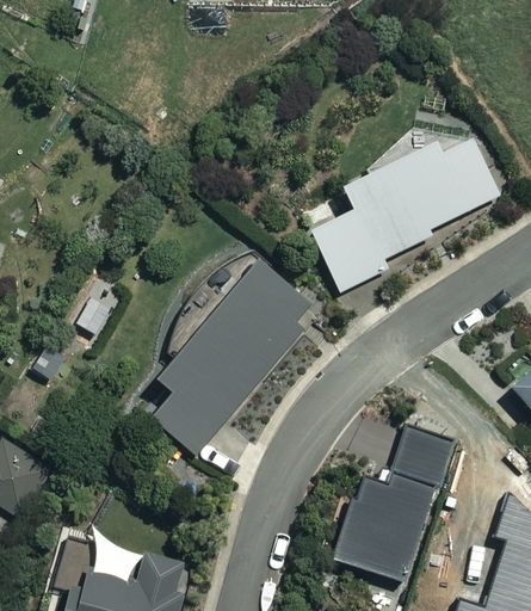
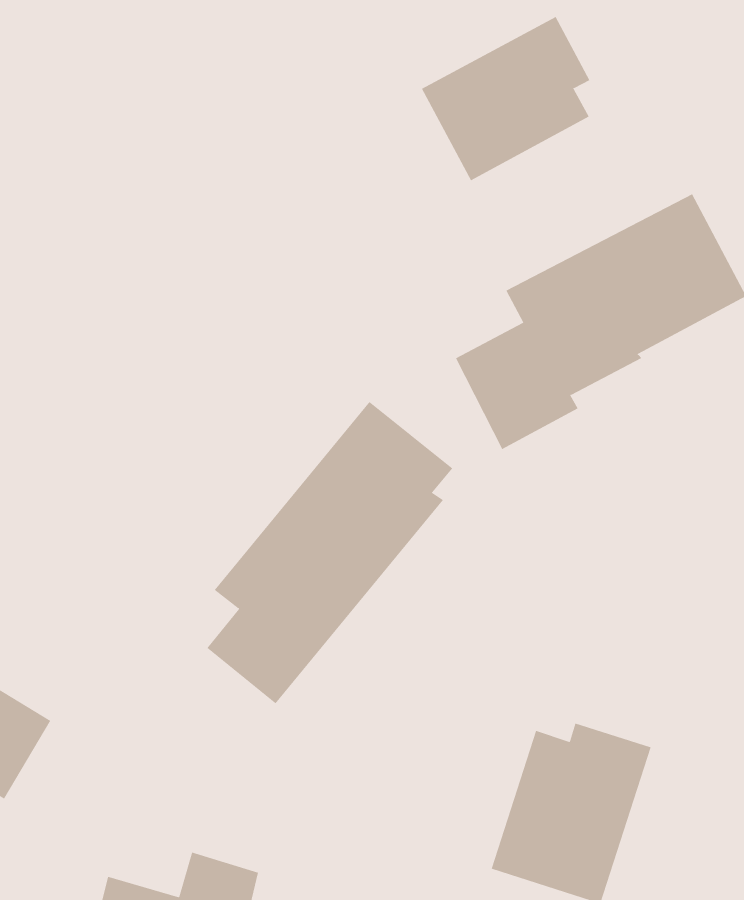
building: none -> [421,16,590,181]
building: [388,422,455,485] -> none

